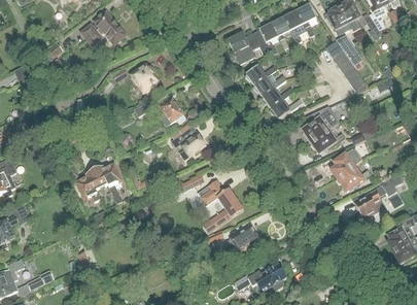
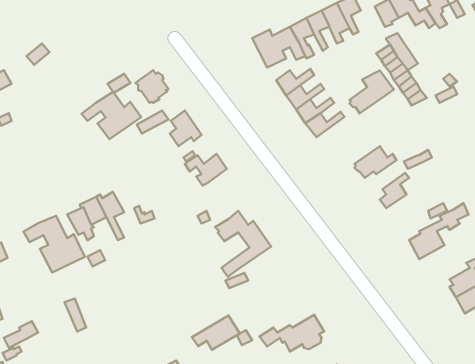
building: [80,13,124,45] -> none
building: none -> [82,92,141,139]
building: [302,106,338,141] -> [349,71,394,114]
building: [335,166,369,191] -> none
building: none -> [23,216,85,272]
building: [220,226,259,253] -> [192,316,240,350]

